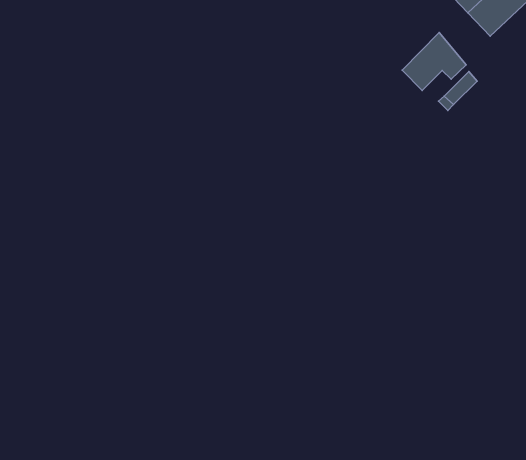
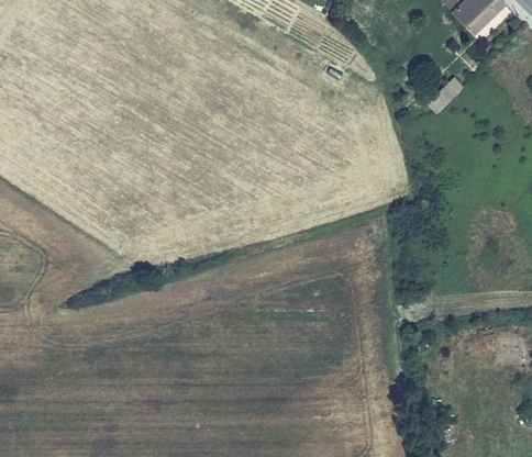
building: [402,33,466,91] -> none

